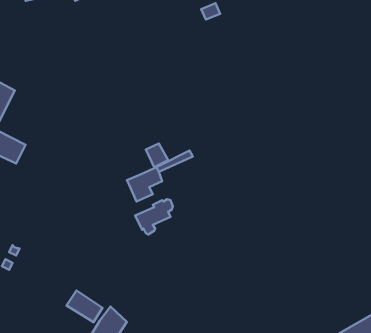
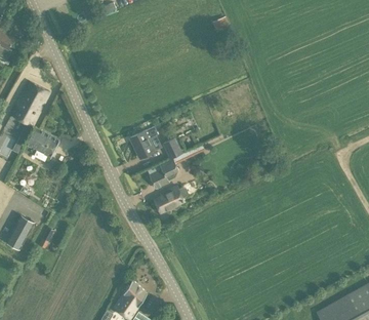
building: none -> [129,120,169,158]
building: [67,290,102,322] -> none

